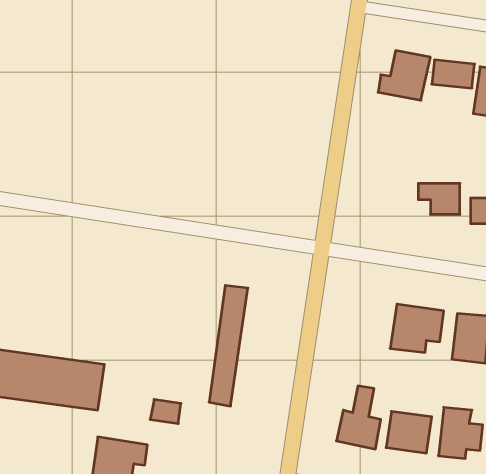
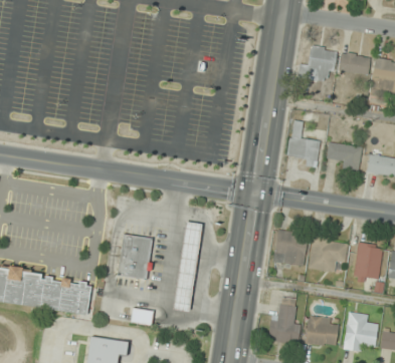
building: none -> [286,120,321,167]
building: none -> [272,231,308,266]
building: none -> [115,233,150,280]

